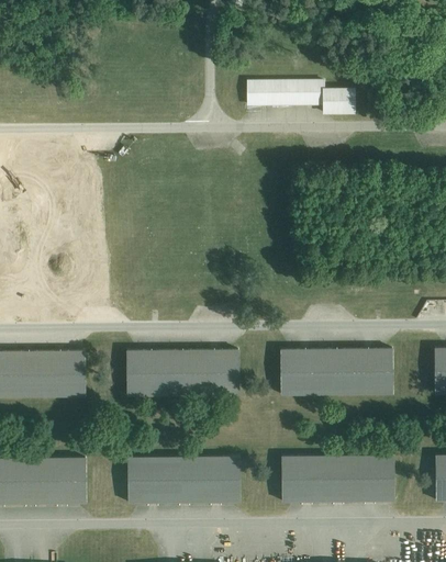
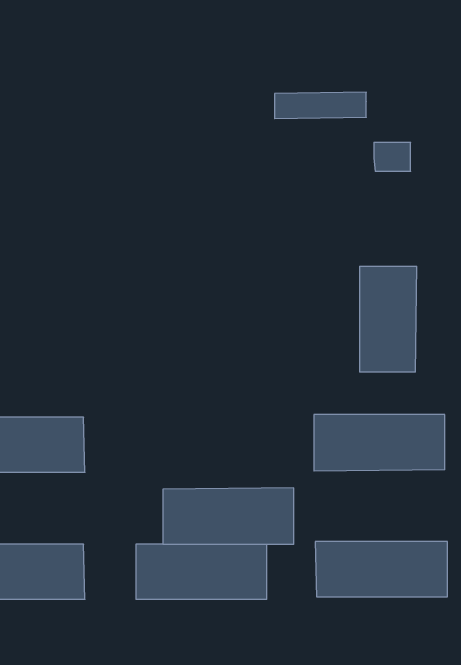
building: [323,87,354,111] -> [374,142,411,171]
building: none -> [360,266,417,372]
building: [127,348,237,395] -> [163,488,294,544]

